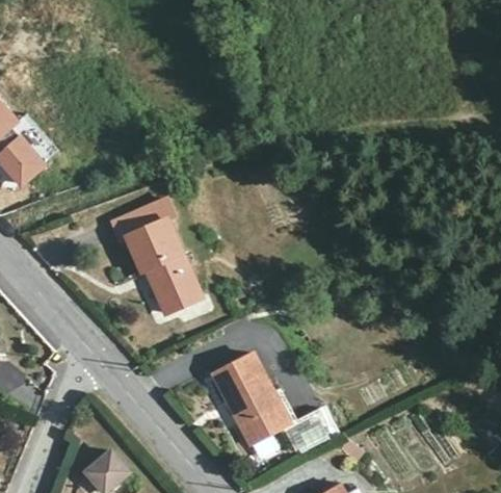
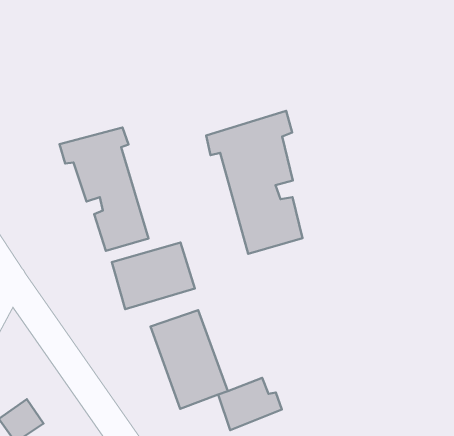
building: none -> [206,111,303,254]
building: none -> [112,242,195,309]

